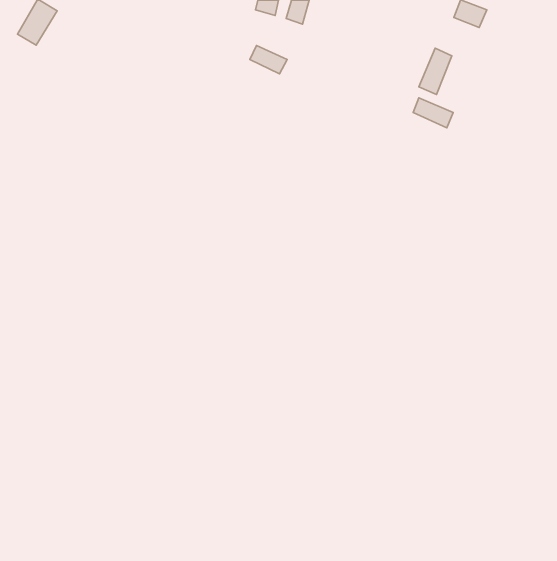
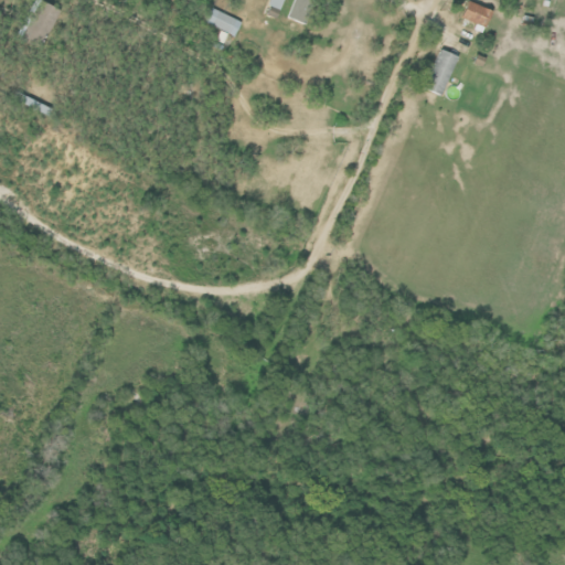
building: [250,45,287,74] -> [205,7,243,35]
building: [413,98,453,128] -> none

